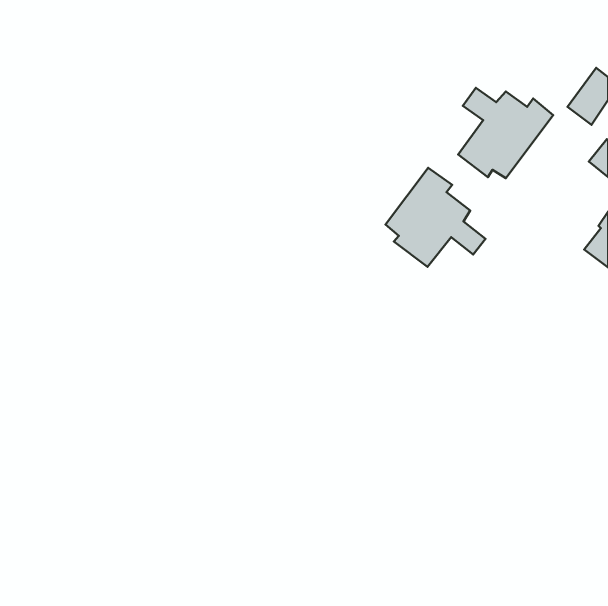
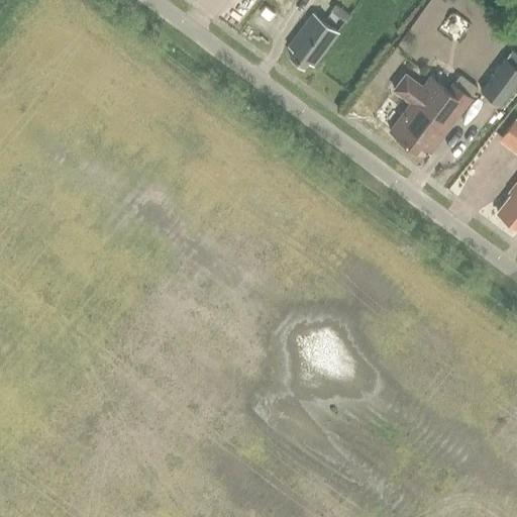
building: none -> [288,14,338,69]
building: [385,168,485,267] -> none

